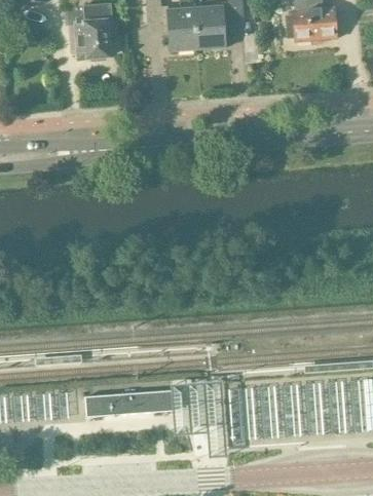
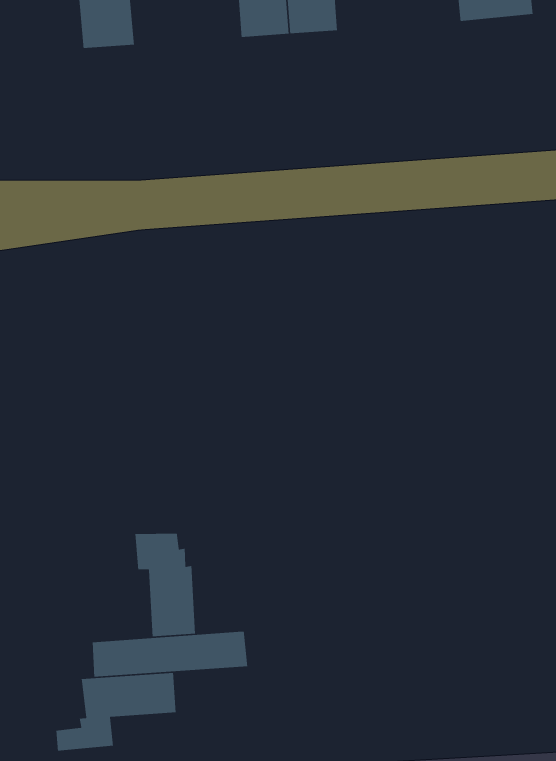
building: none -> [135,533,196,637]
building: none -> [56,672,177,751]

